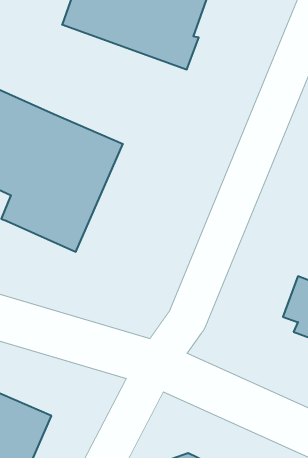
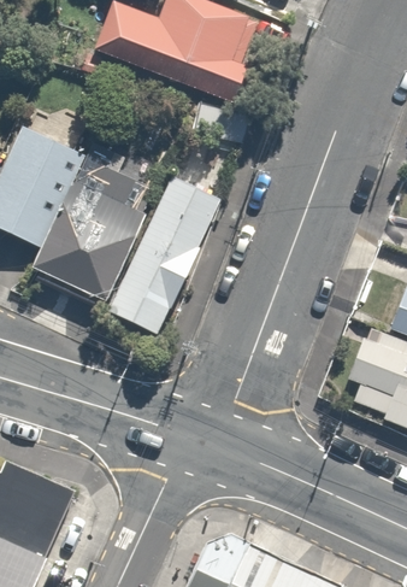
building: none -> [106,172,220,335]

